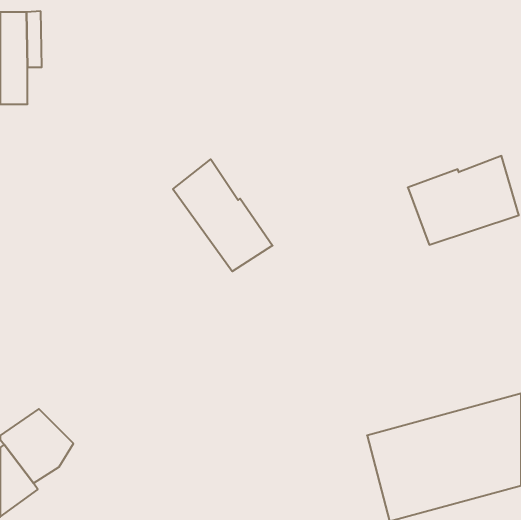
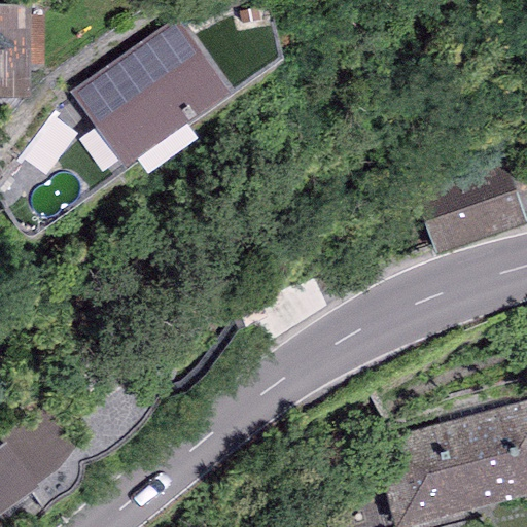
building: none -> [73,26,229,178]
building: [173,159,273,271] -> none

